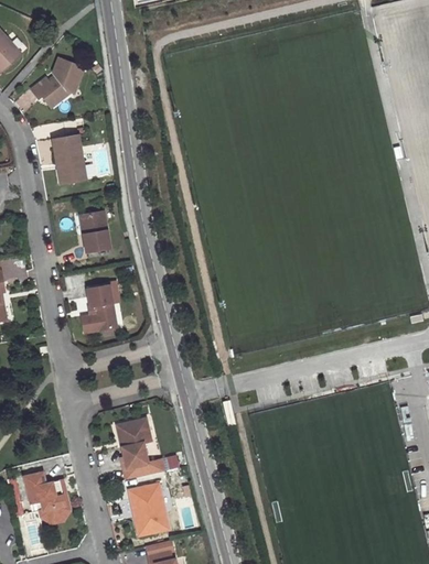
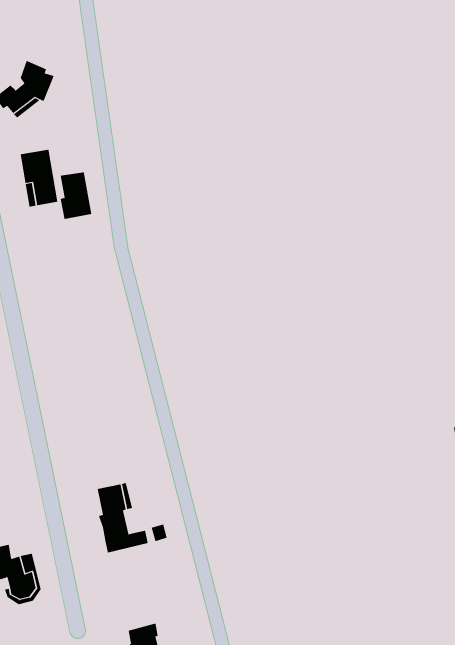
building: [84,212,111,252] -> [60,172,92,219]
building: [82,285,117,334] -> none
building: [129,484,169,536] -> none

